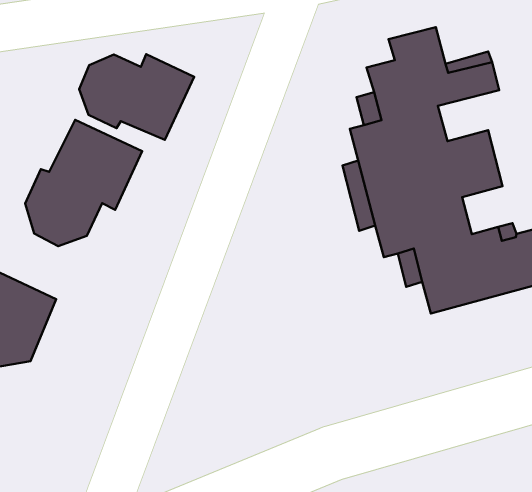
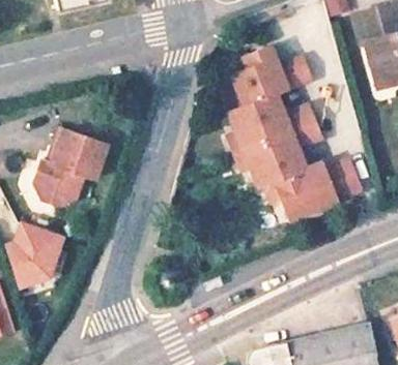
building: [79,54,194,140] -> none

